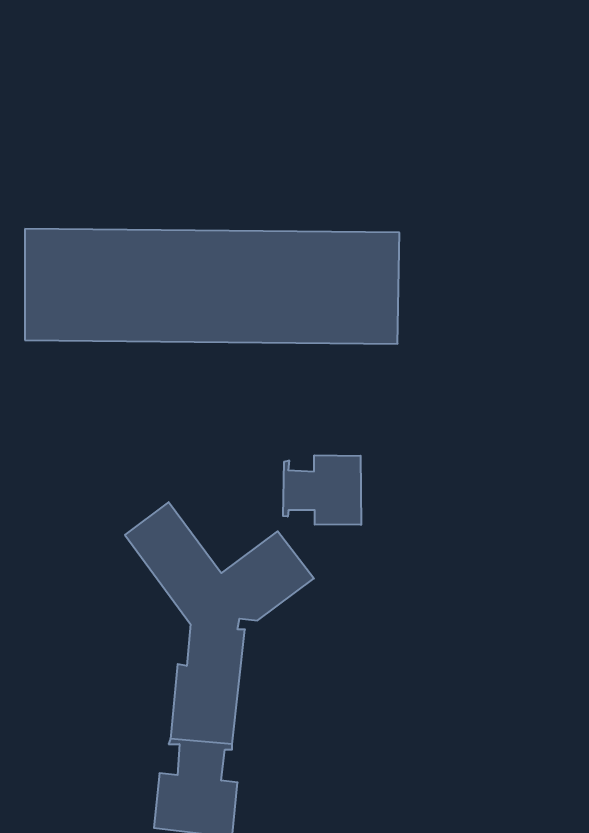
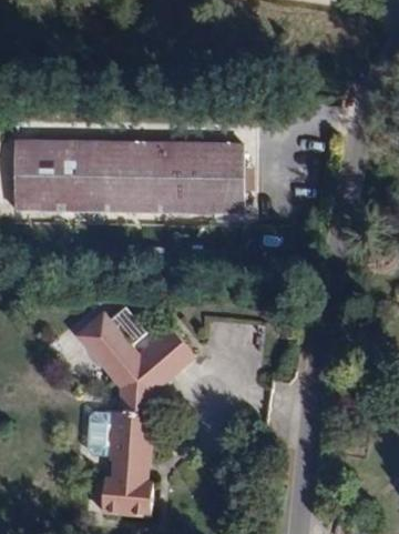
building: [283,455,361,525] -> none

